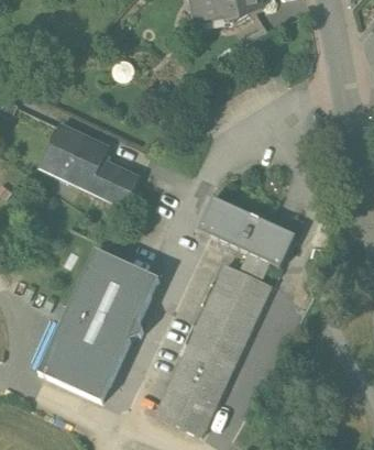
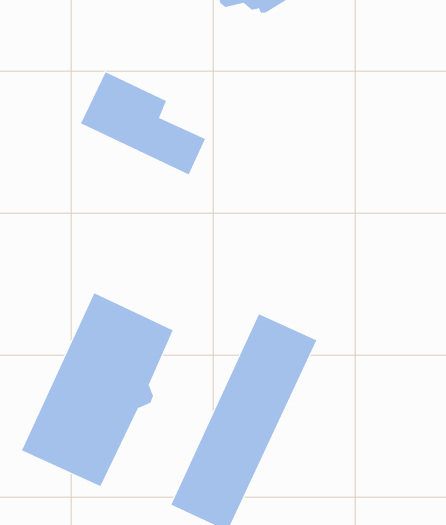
building: [40,123,139,205] -> [80,72,206,175]
building: [198,196,295,265] -> none

